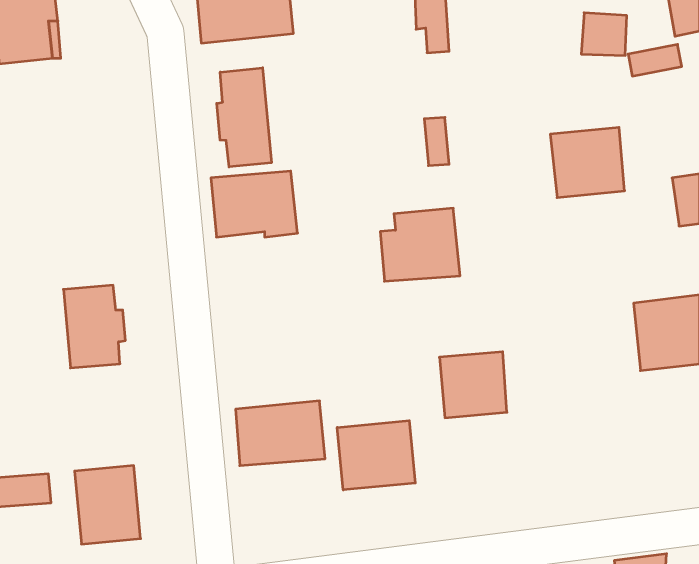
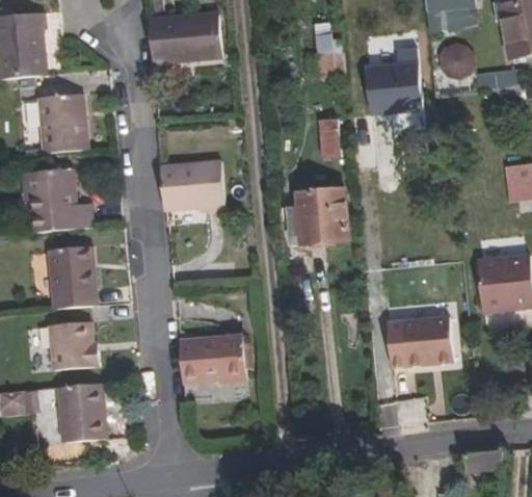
building: [217,68,271,167] -> none
building: none -> [39,93,87,153]
building: [550,127,625,198] -> [364,60,420,113]
building: none -> [24,166,91,232]
building: [439,352,507,418] -> [403,315,454,365]
building: none -> [49,320,100,370]
building: [337,421,415,490] -> none

